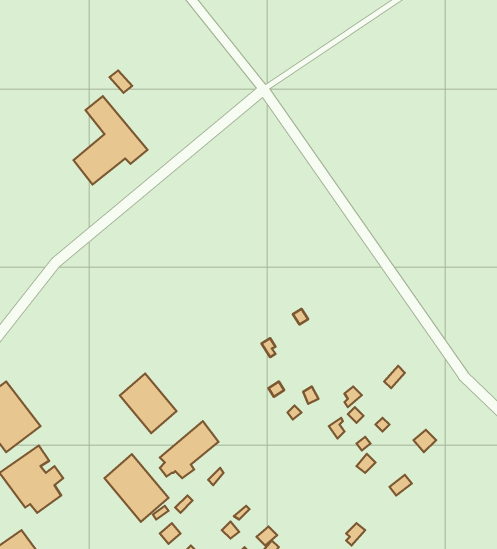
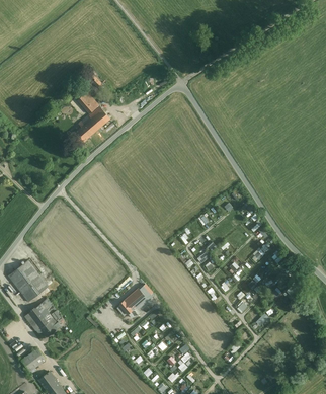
building: [120,374,177,433] -> none
building: [104,454,169,522] -> none

